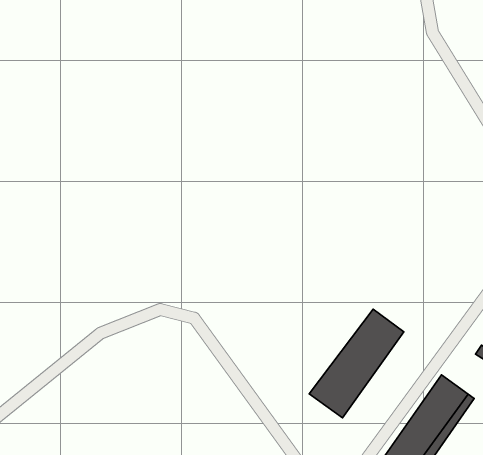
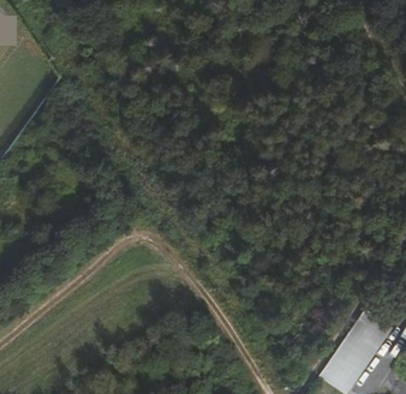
building: [309,309,404,418] -> none

